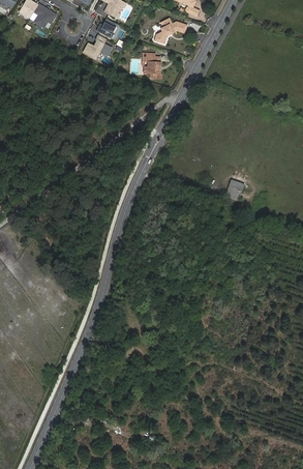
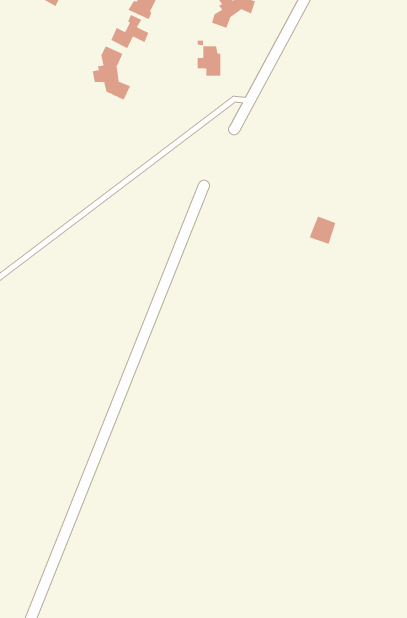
building: none -> [92,45,131,100]

